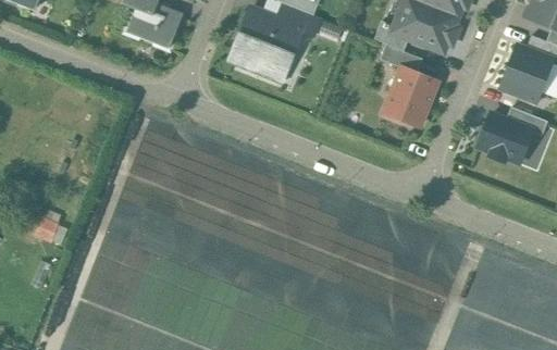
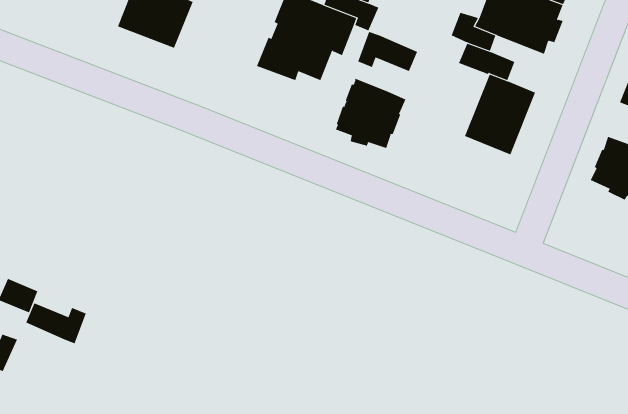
building: none -> [358,31,418,72]
building: none -> [335,78,406,149]
building: none -> [25,302,87,344]

